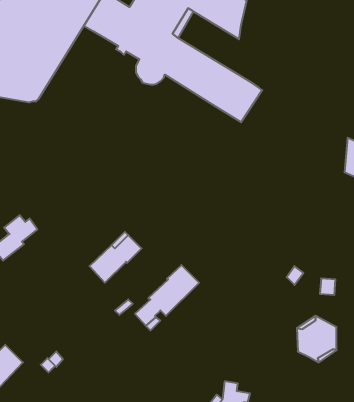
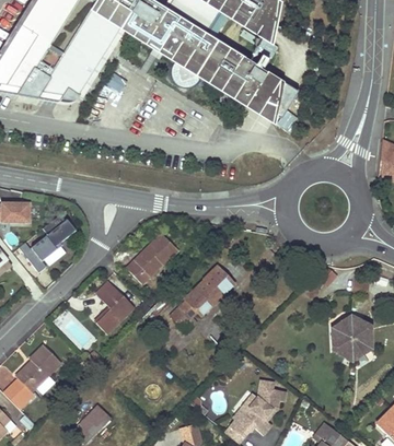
building: none -> [96,280,135,332]

